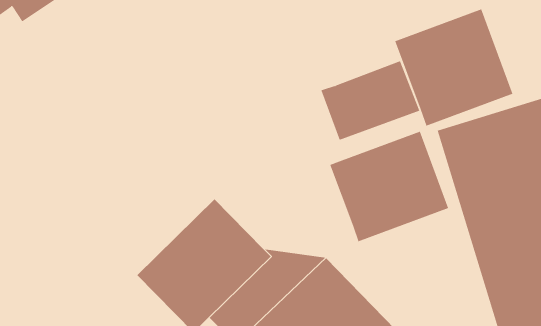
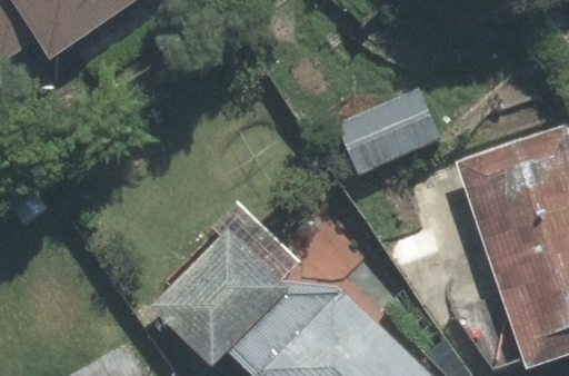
building: [395,8,513,127] -> none
building: [330,131,449,242] -> none

